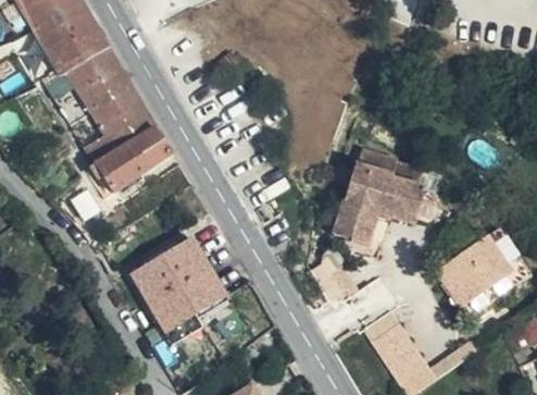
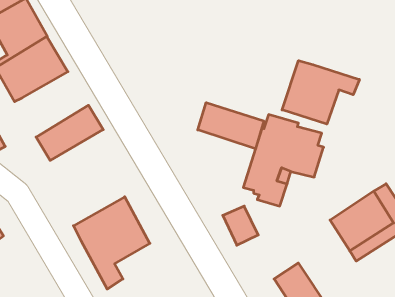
building: none -> [282,61,359,124]
building: [67,95,153,171] -> none
building: none -> [198,103,264,149]

